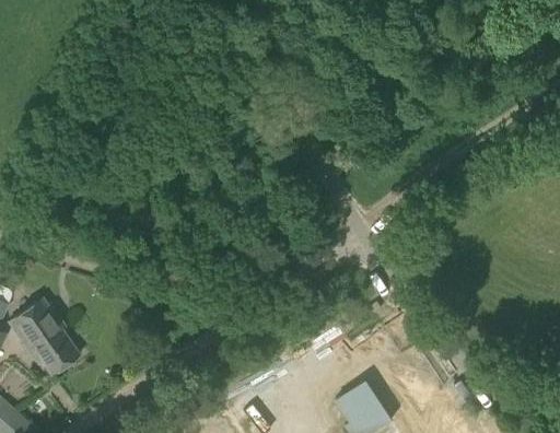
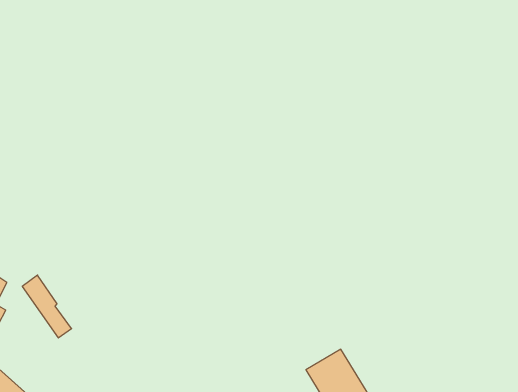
building: [10,313,66,377] -> none

